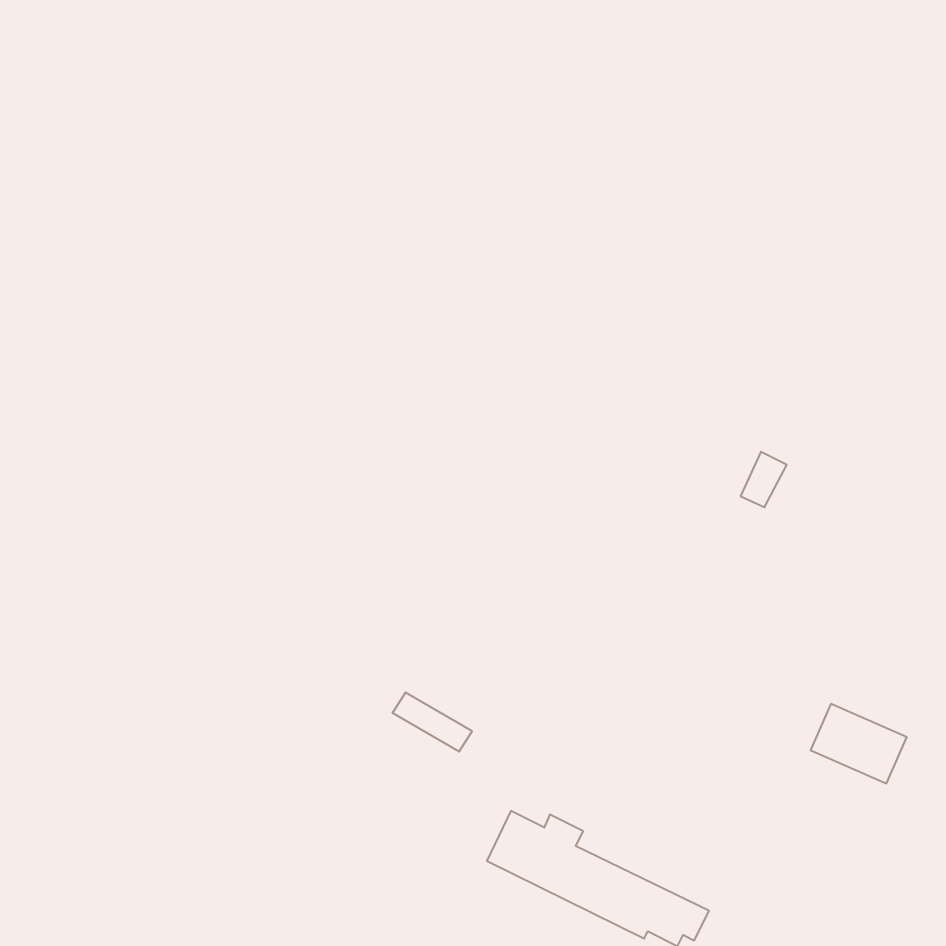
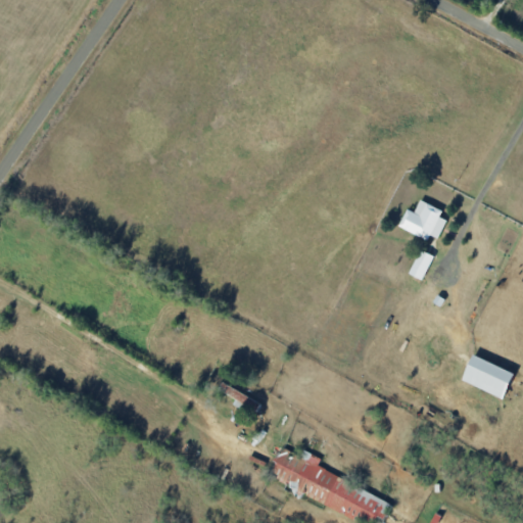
building: none -> [398,200,446,239]
building: [811,704,907,784] -> [461,354,514,398]

